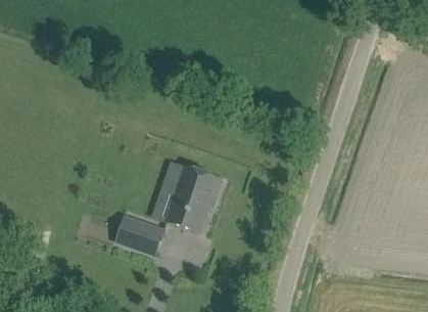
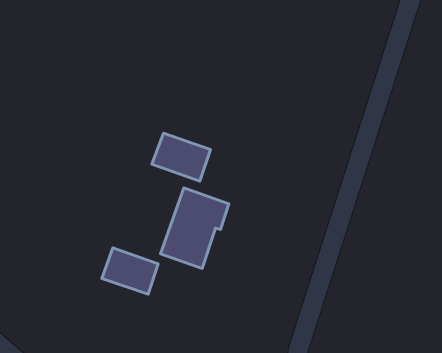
building: none -> [152,133,211,181]

